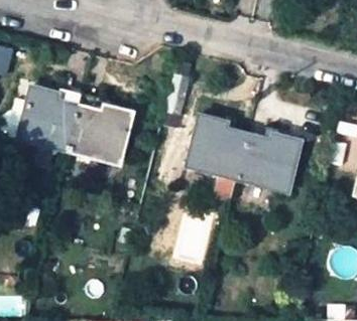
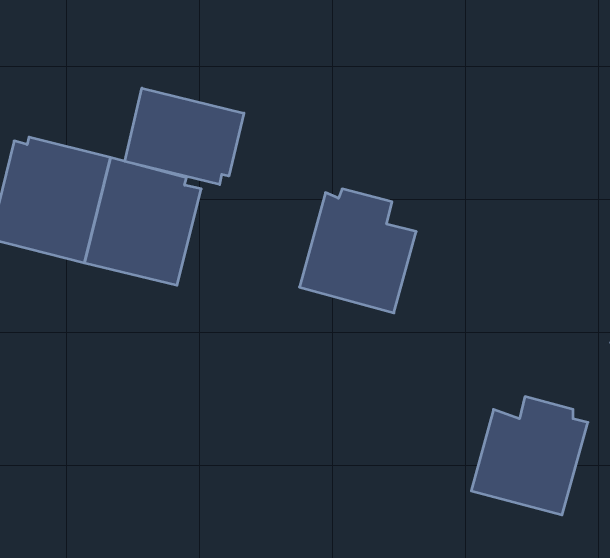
building: none -> [125,88,244,185]
building: [238,128,302,192] -> [471,397,588,515]

